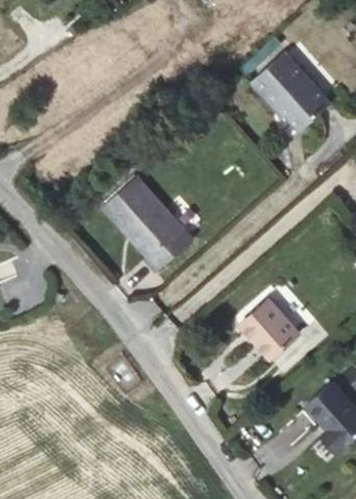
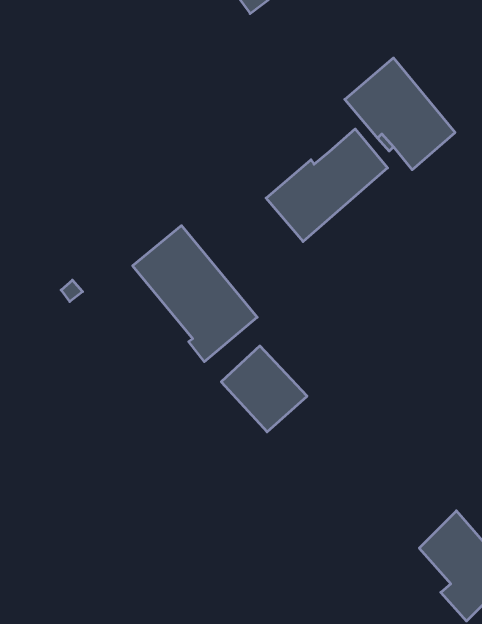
building: none -> [266,129,388,242]
building: [243,295,305,357] -> [221,346,307,432]

